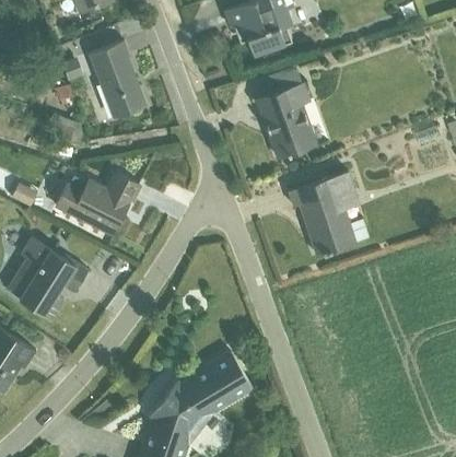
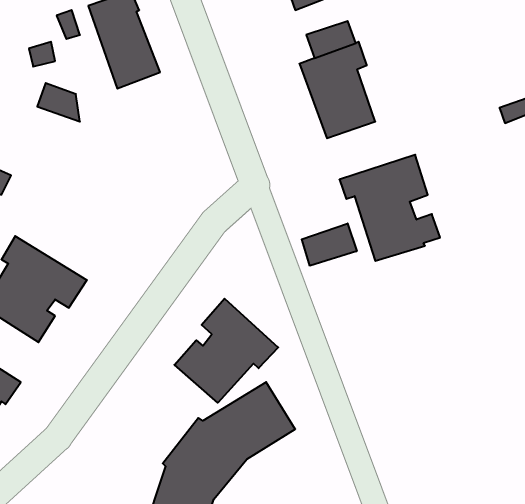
building: [55,172,139,235] -> none
building: none -> [302,223,357,266]
building: none -> [174,299,278,403]

